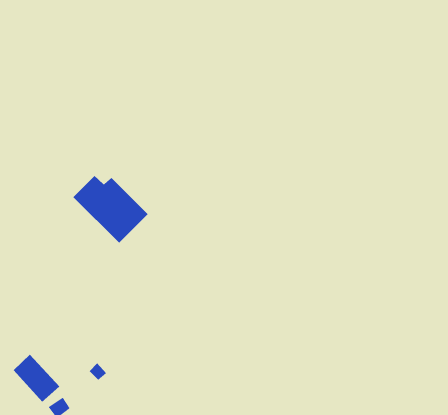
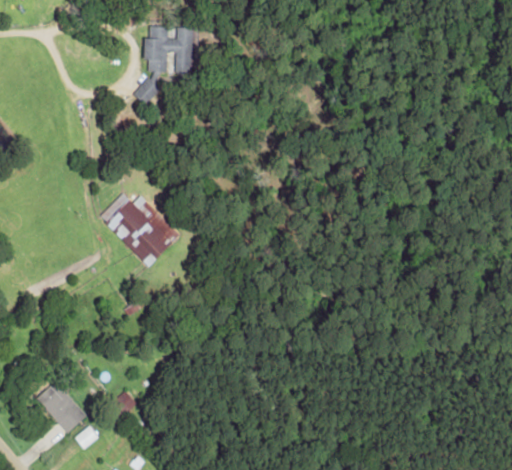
building: none -> [144,26,193,73]
building: none -> [134,78,161,105]

